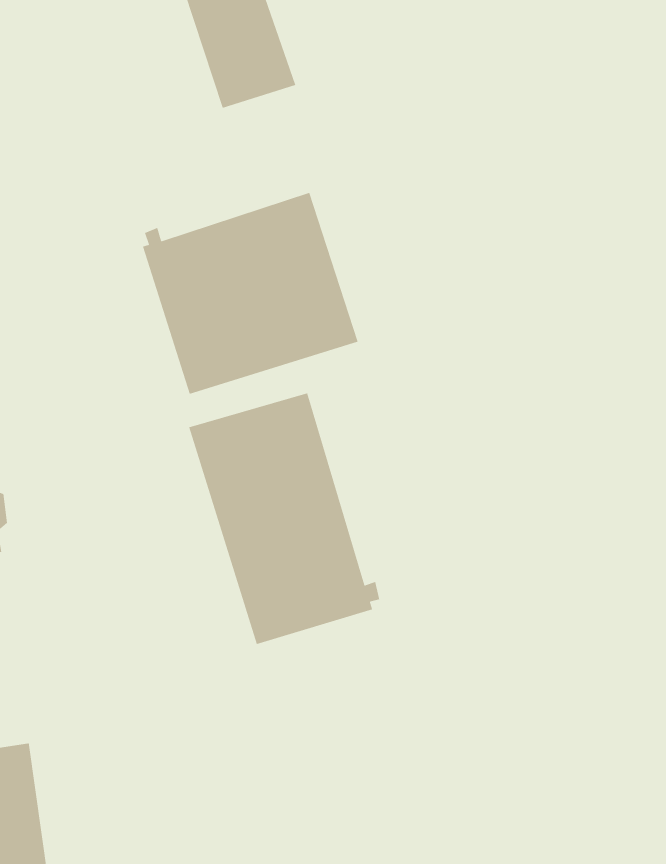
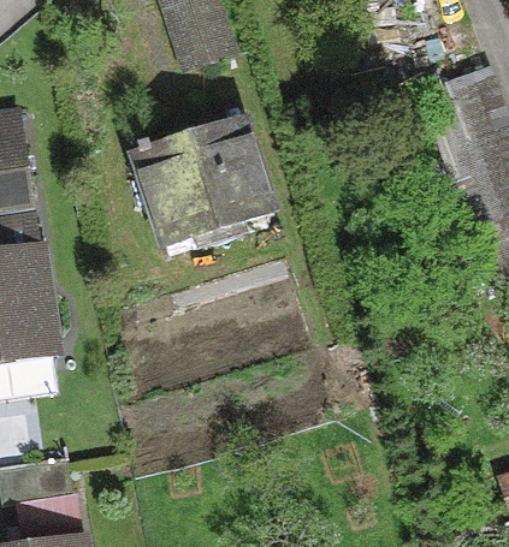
building: [189,393,380,645] -> none

